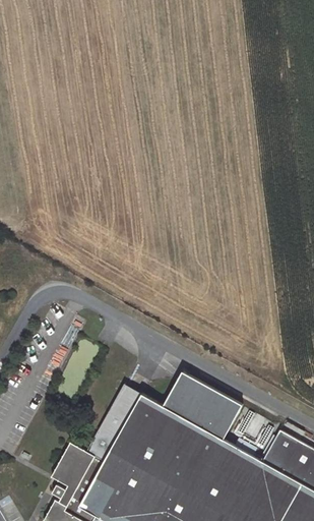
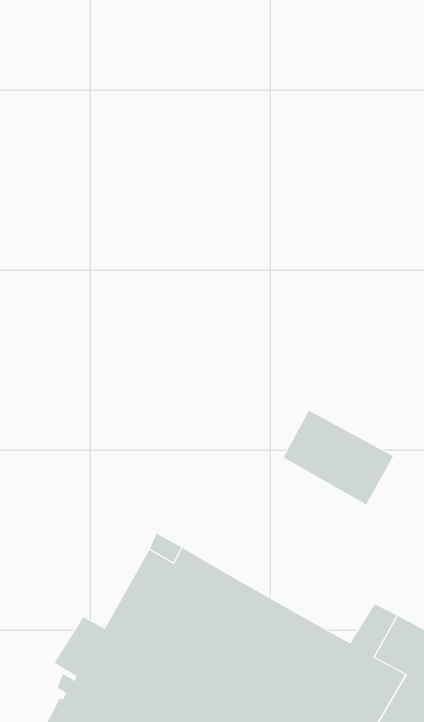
building: [165,373,243,441] -> [283,410,394,505]

